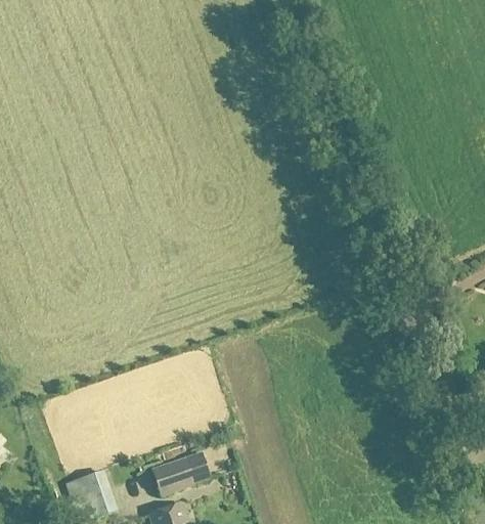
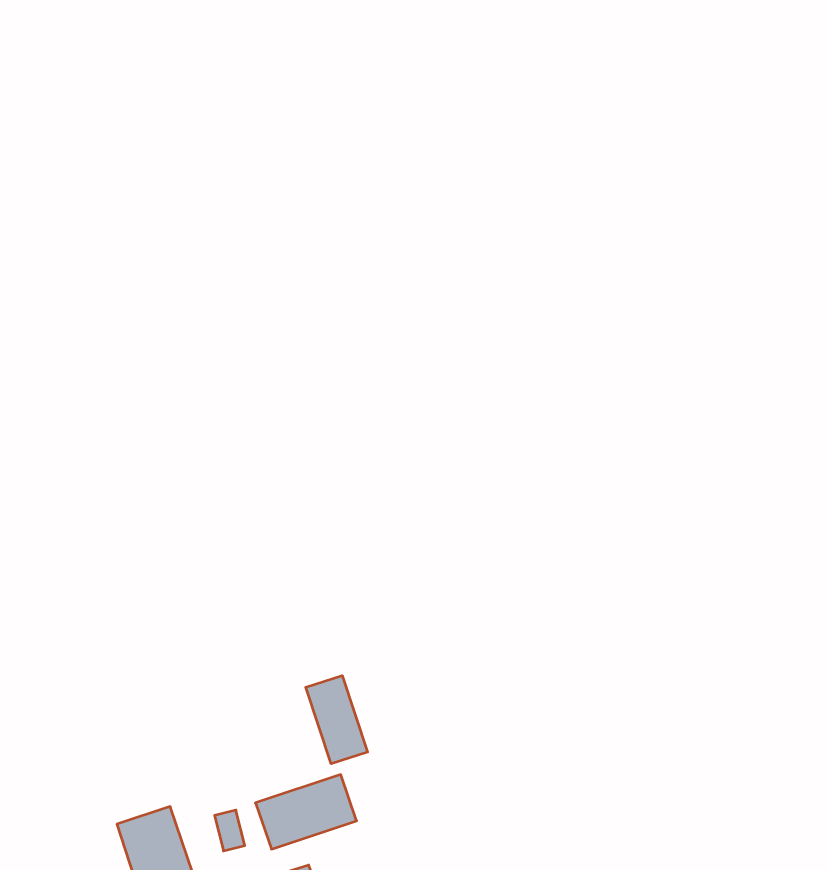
building: none -> [306,676,368,764]

